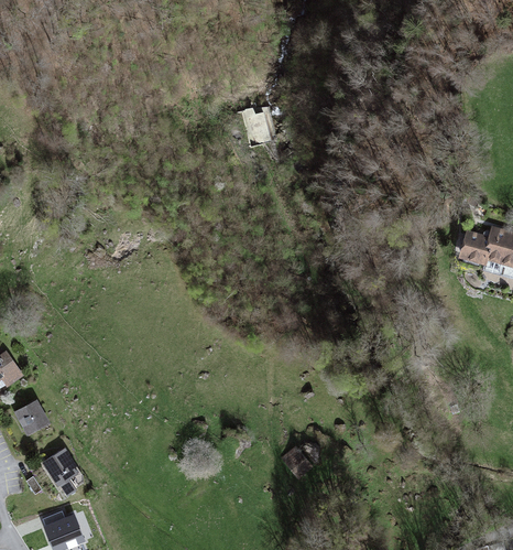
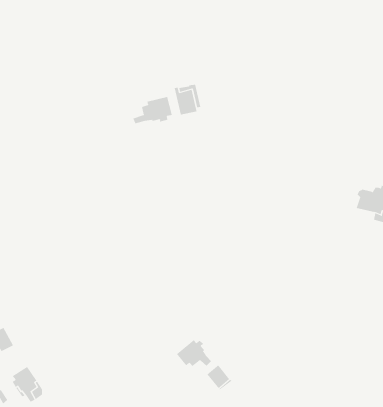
building: none -> [133,96,173,124]
building: none -> [176,339,212,367]

